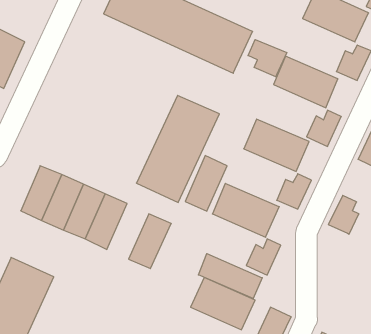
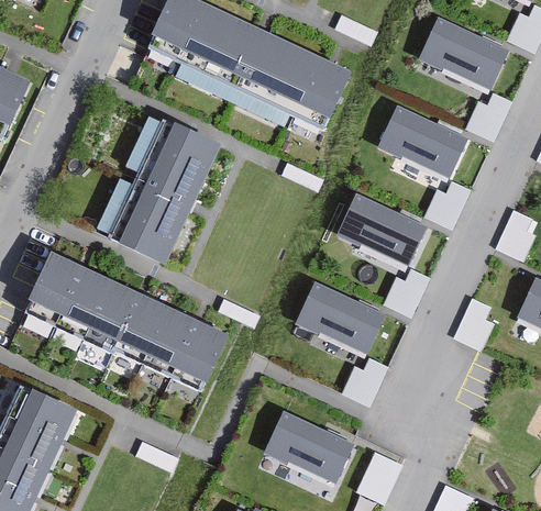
building: [248,40,287,77] -> none
building: [136,95,219,202] -> [106,119,219,265]
building: [185,156,227,211] -> [151,309,208,385]
building: [198,254,262,299] -> none

